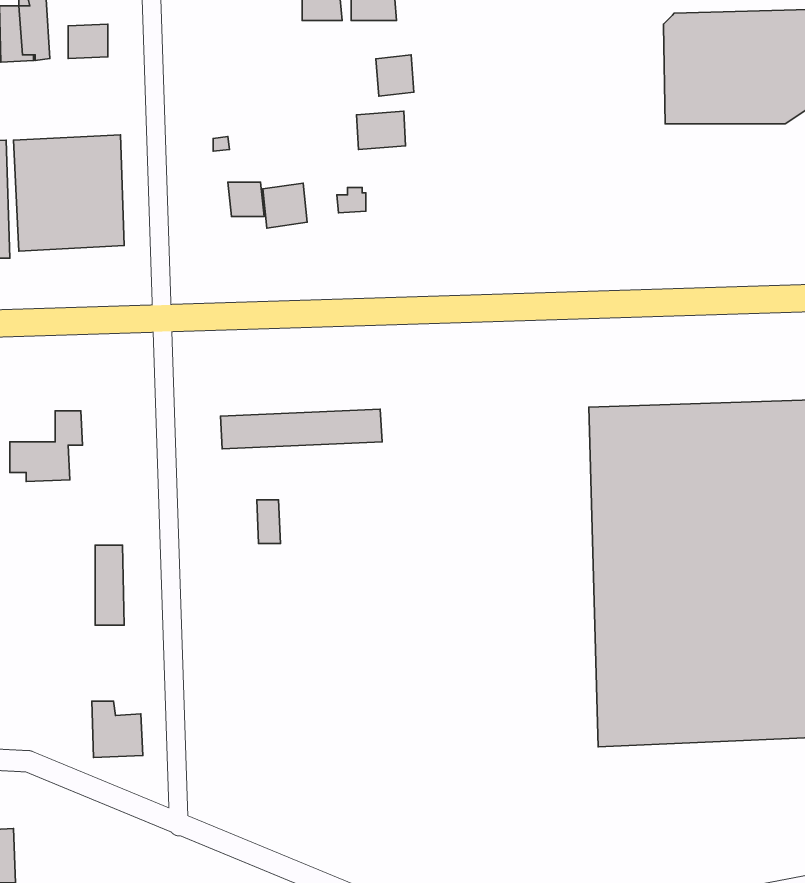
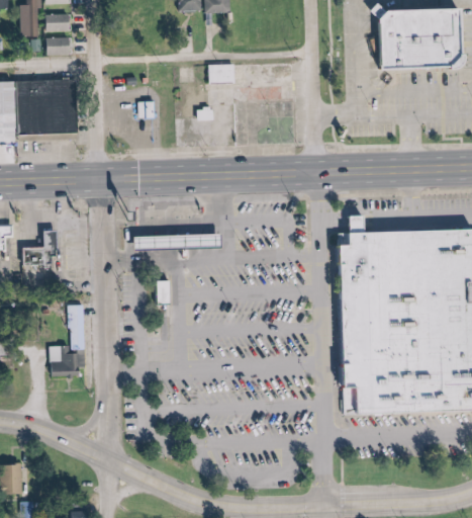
building: [376,55,414,96] -> none
building: none -> [51,37,75,56]
building: [263,183,307,228] -> none
building: [92,701,143,757] -> [45,346,74,377]

